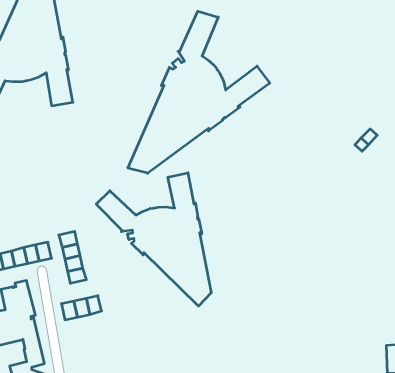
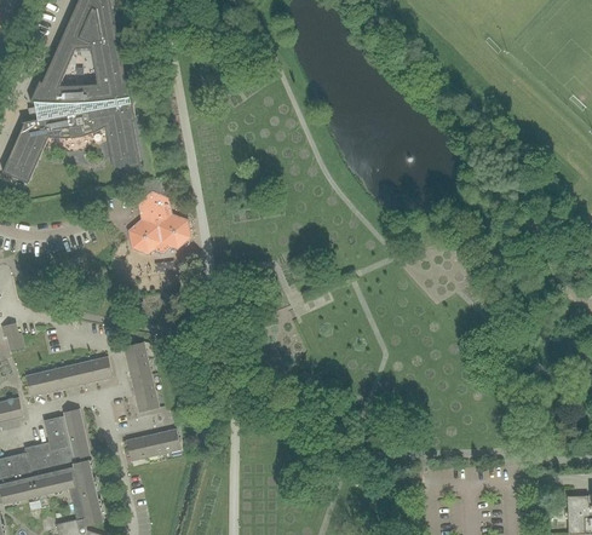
building: [128,11,270,173] -> none
building: none -> [127,191,189,253]
building: [96,173,211,306] -> none

